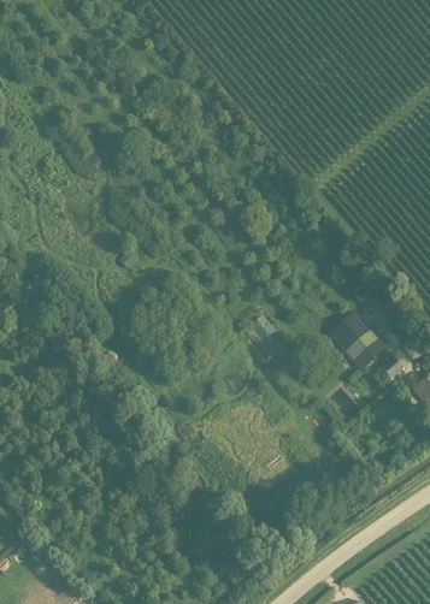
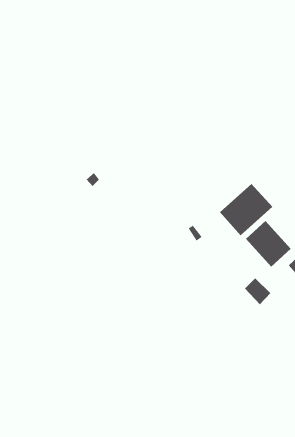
building: none -> [219,183,273,236]

